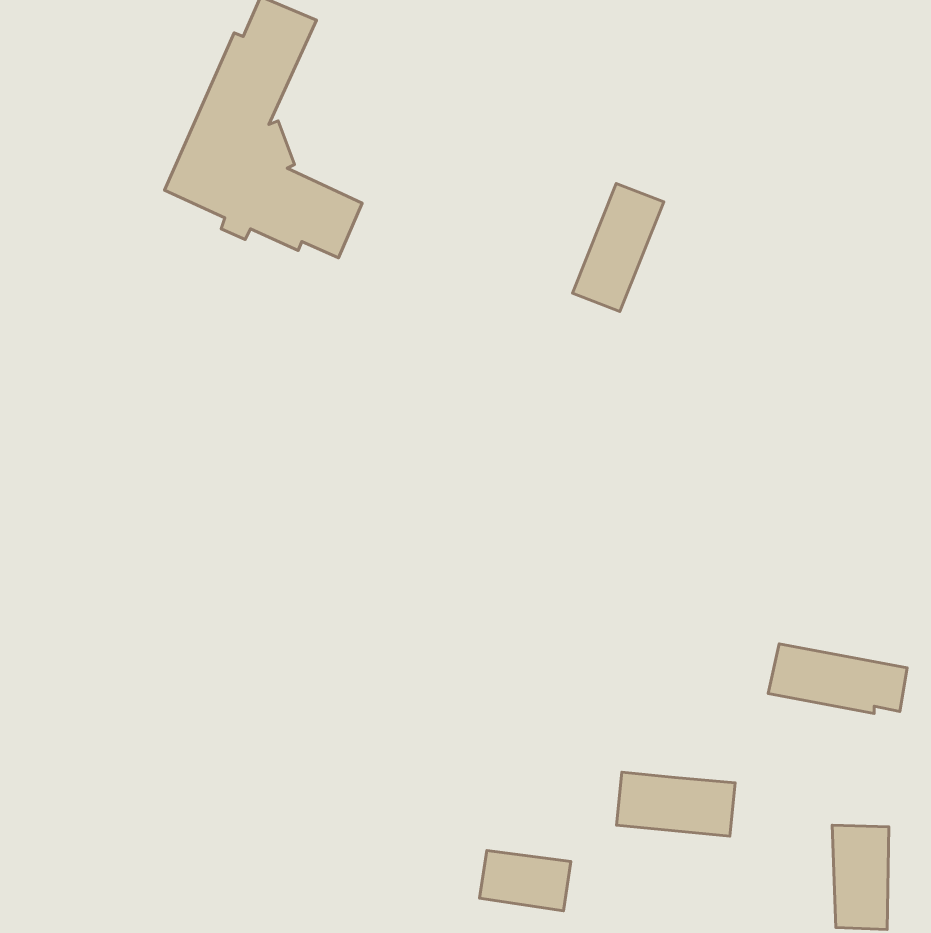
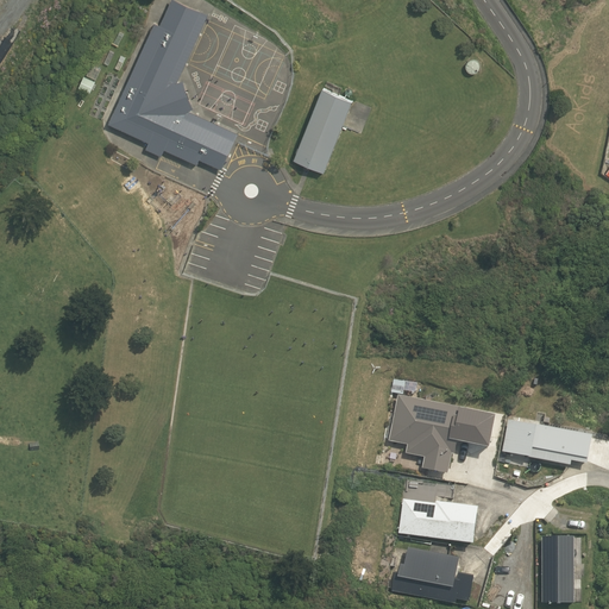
building: [572,183,664,311] -> [291,87,351,170]
building: none -> [387,395,495,472]
building: [480,851,571,911] -> [408,552,467,591]

